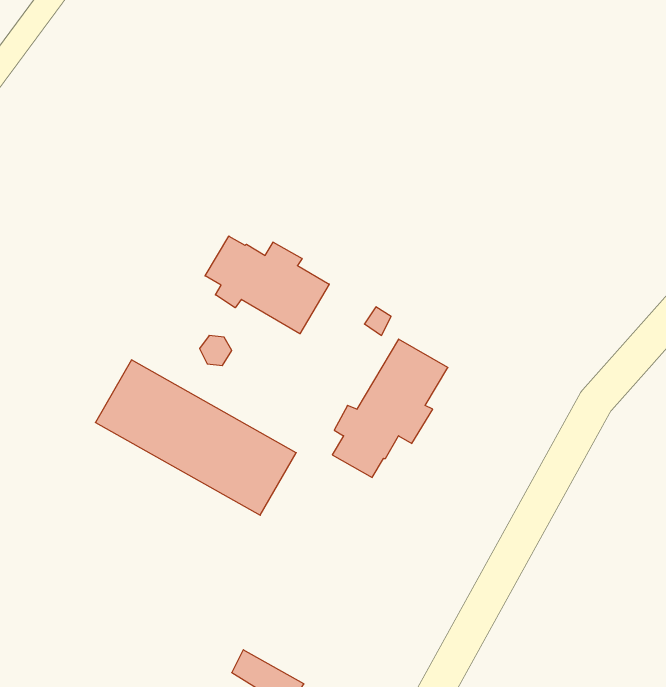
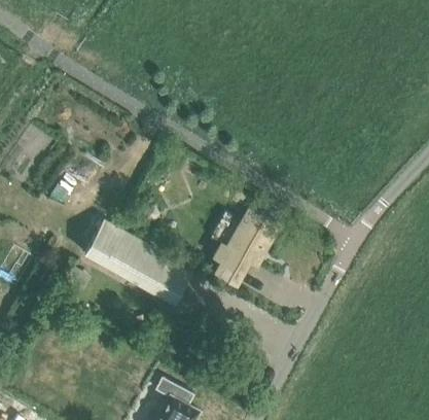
building: [205,236,329,334] -> none

